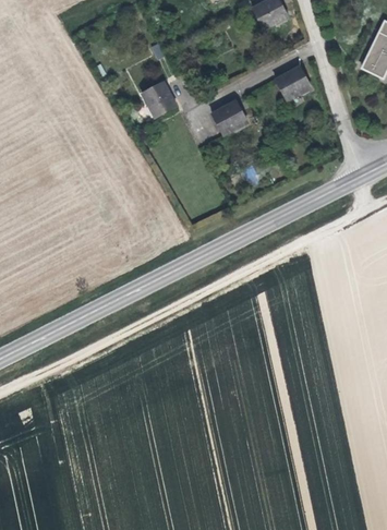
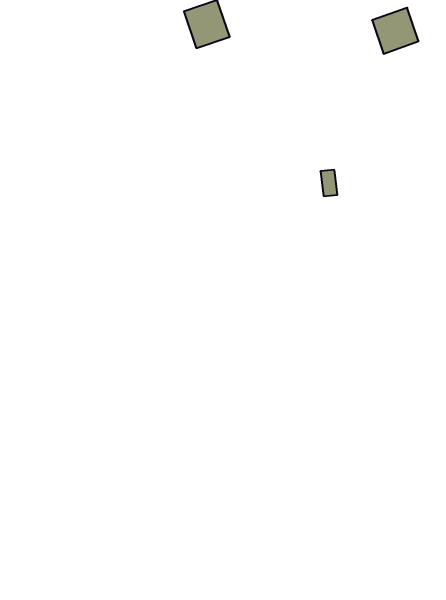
building: [210,94,244,128] -> none

